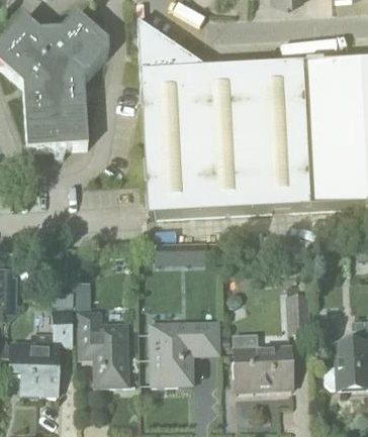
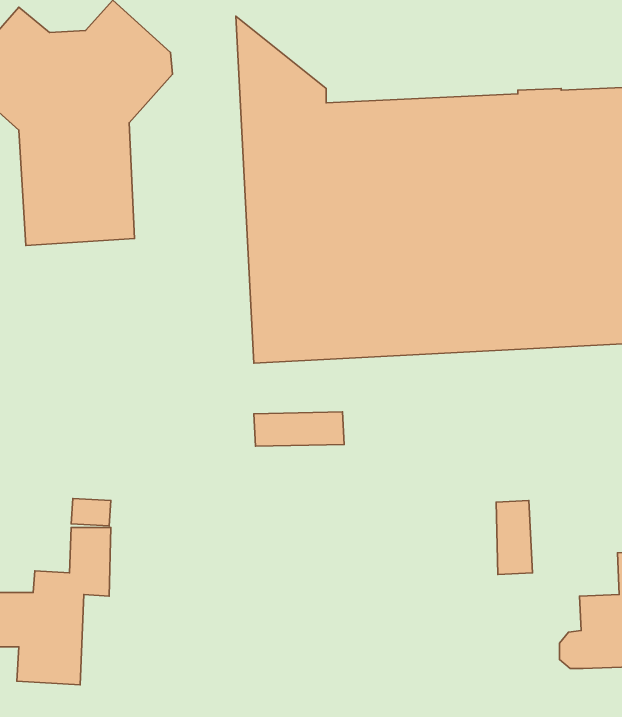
building: [79,312,126,384] -> none
building: [151,322,217,383] -> none
building: [233,333,291,390] -> none

